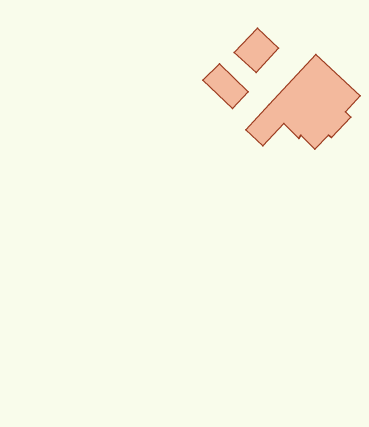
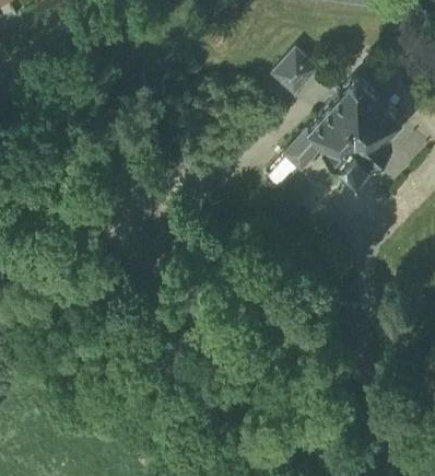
building: [203,64,248,108] -> none

